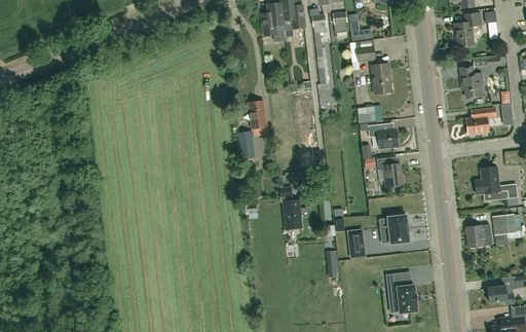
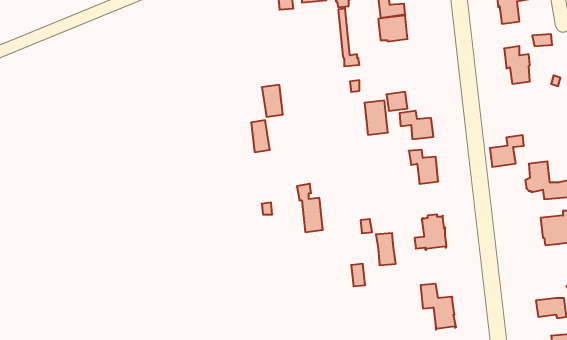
building: [371,63,391,93] -> [364,101,388,135]
building: [465,107,495,135] -> [490,135,524,167]
building: [465,224,491,248] -> none

